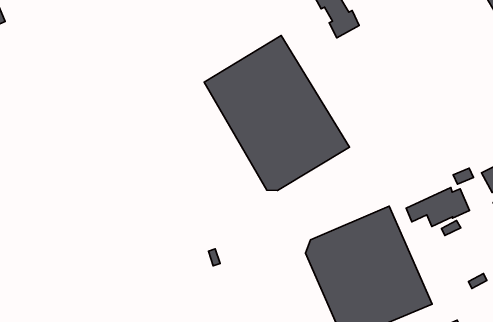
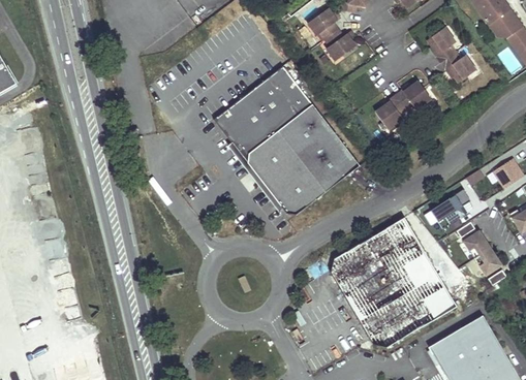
building: none -> [427,28,476,84]
building: none -> [375,82,431,129]
building: none -> [464,231,502,276]

